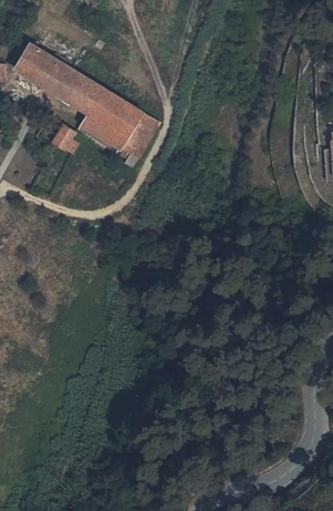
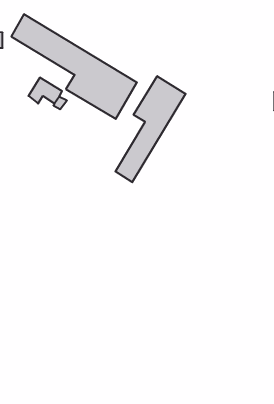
building: none -> [115,76,186,182]

